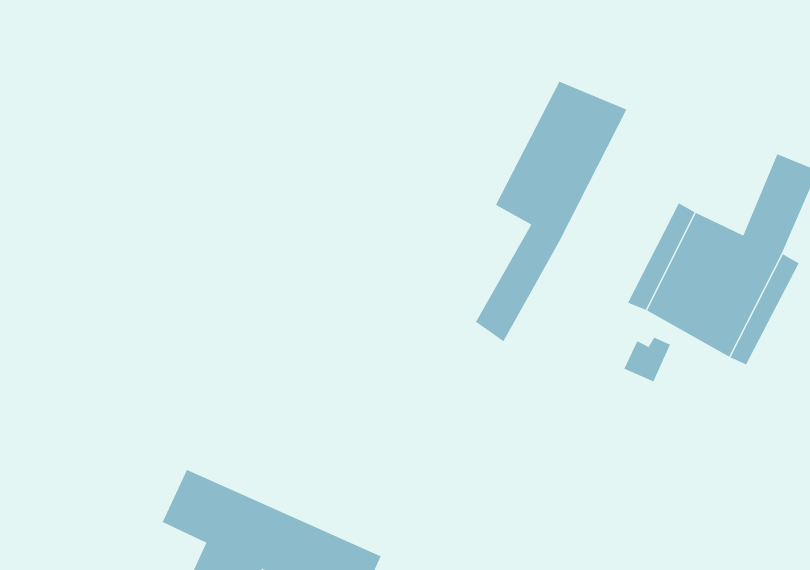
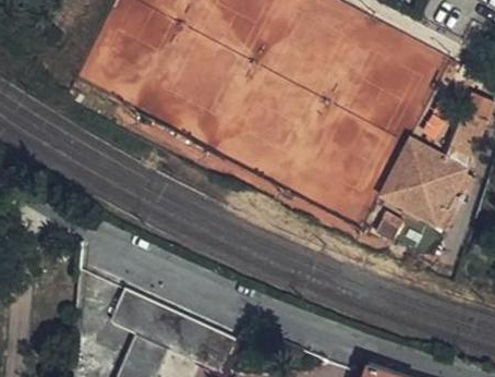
building: [475,81,627,342] -> none

